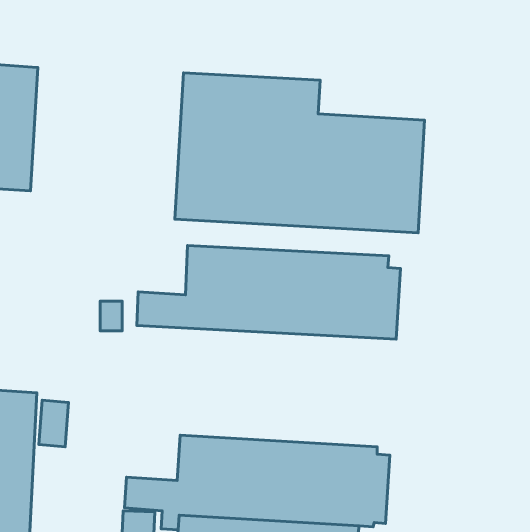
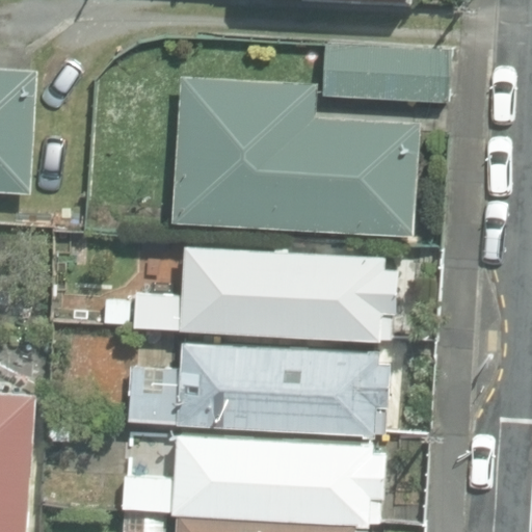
building: none -> [317,42,444,106]
building: none -> [128,344,390,435]

